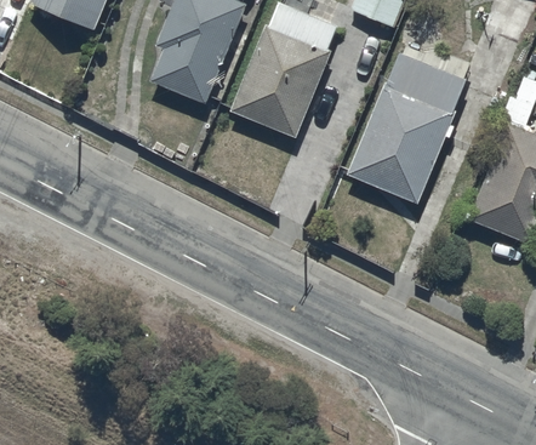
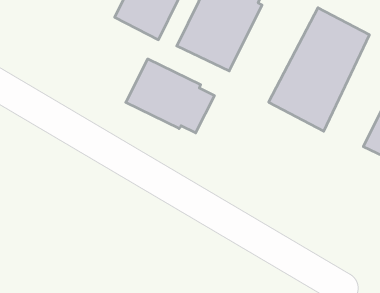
building: none -> [126,59,214,133]

